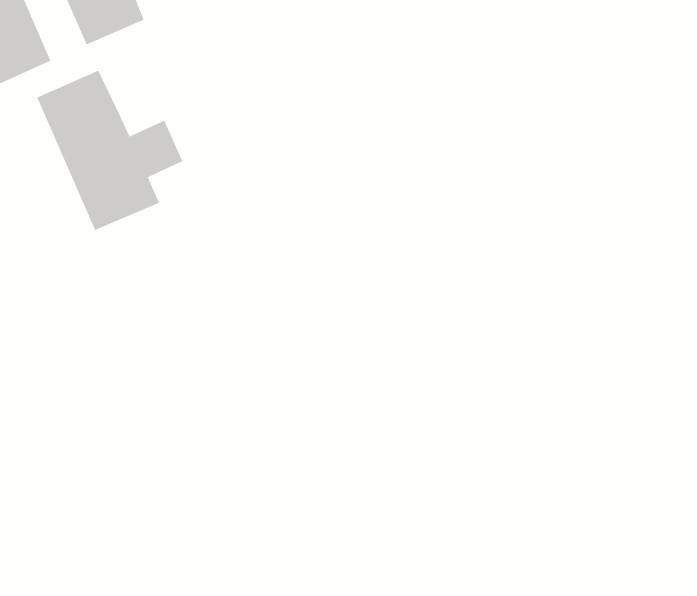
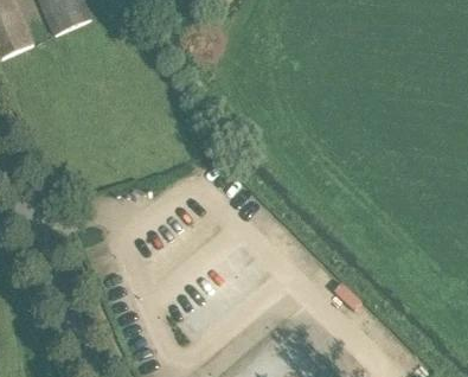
building: [36,70,183,231] -> none

